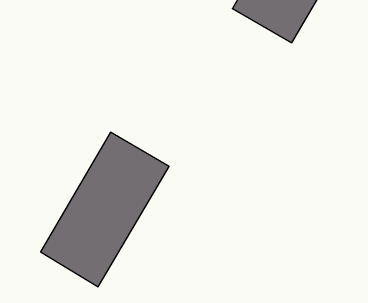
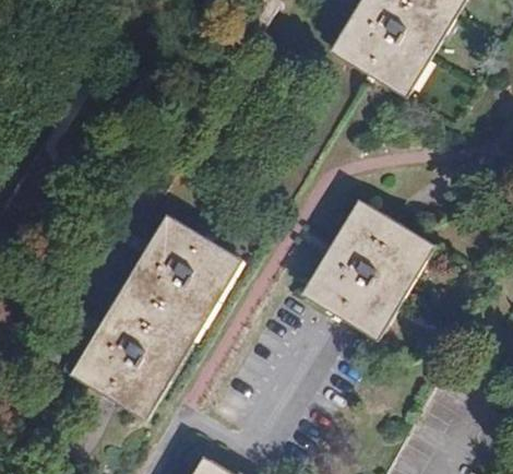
building: none -> [301,198,437,340]

